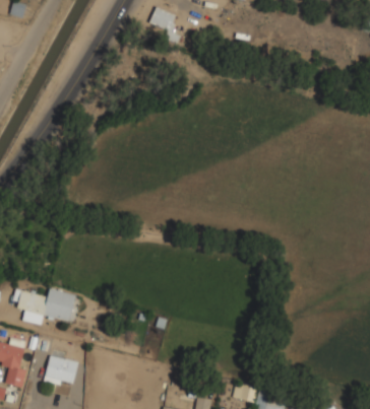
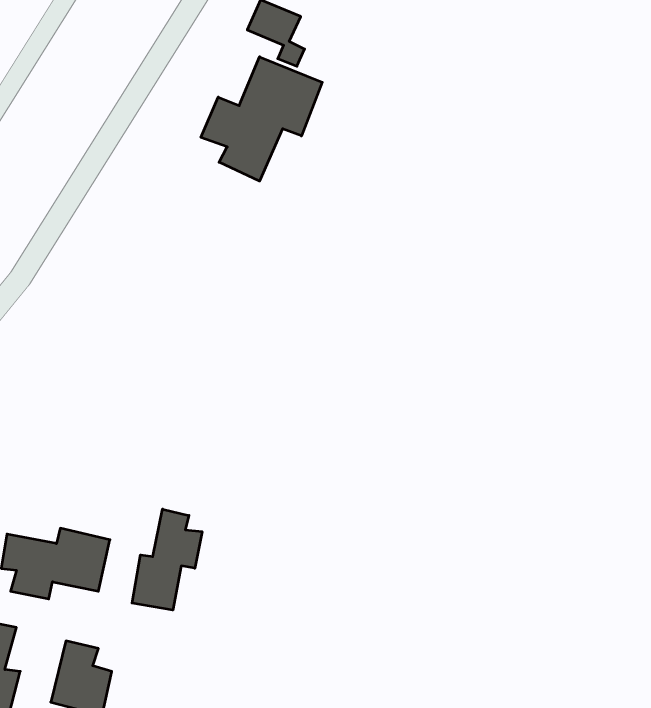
building: none -> [201,57,322,181]
building: none -> [132,509,202,610]

